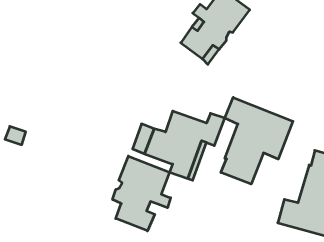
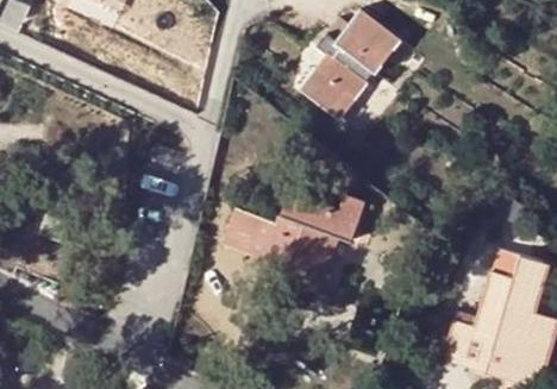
building: [221,97,293,184] -> none
building: [113,156,171,231] -> none

